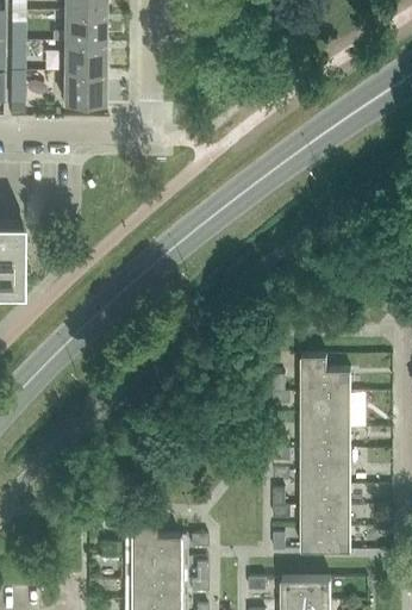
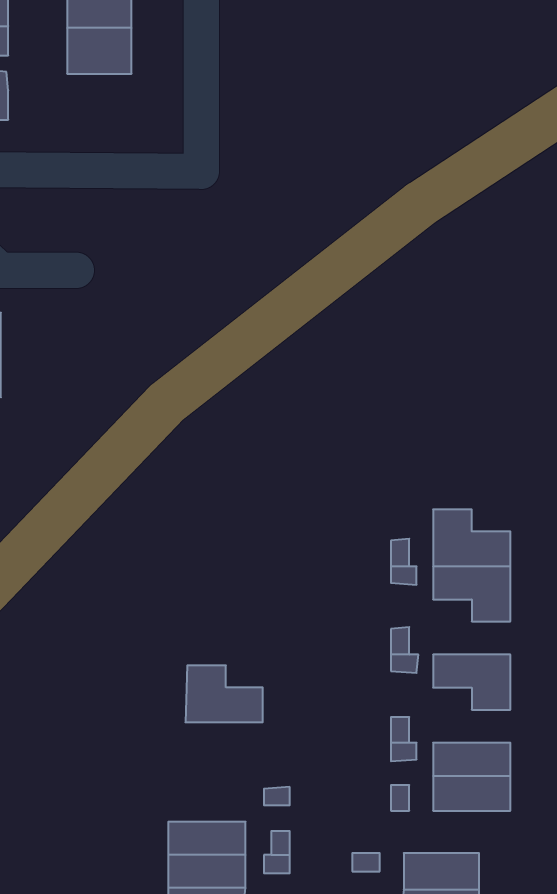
building: [63,76,105,107] -> none
building: [300,417,350,453] -> none
building: [300,474,350,510] -> none
building: [129,524,179,561] -> [185,665,263,722]

